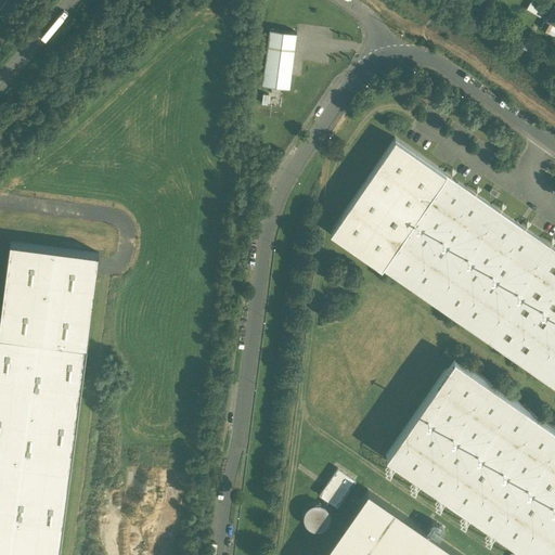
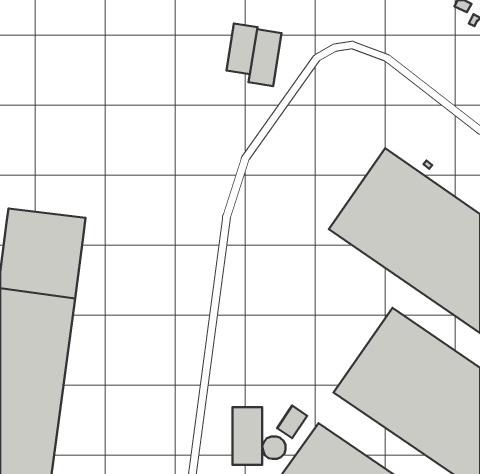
building: none -> [249,29,282,86]
building: [330,143,444,271] -> none
building: none -> [233,407,262,465]

